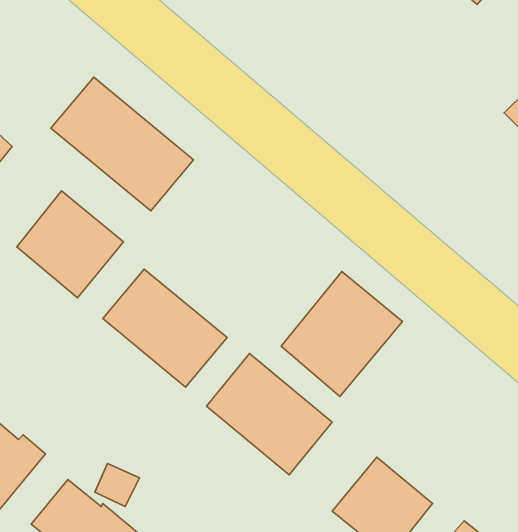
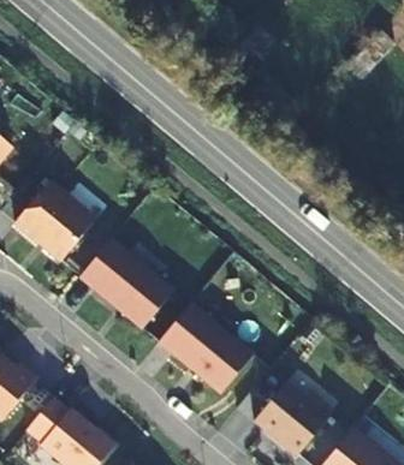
building: [51,77,194,211] -> none
building: [281,271,403,397] -> none

